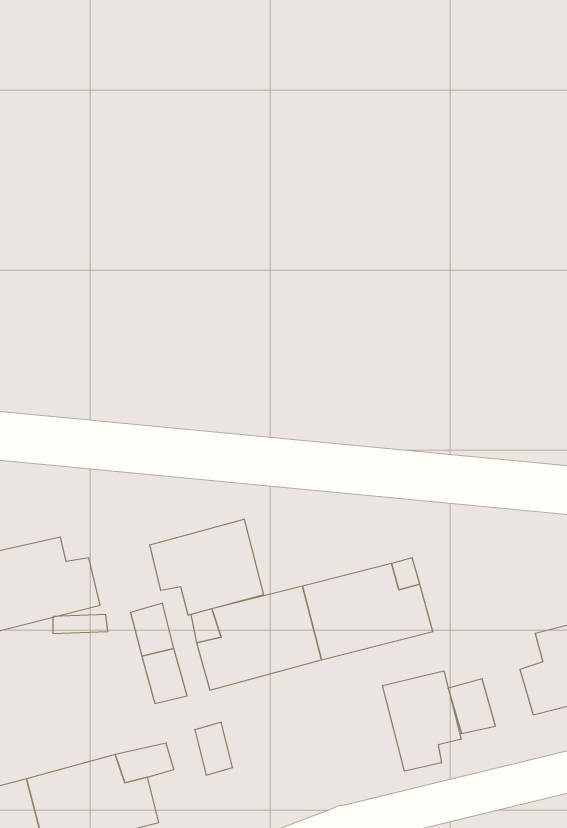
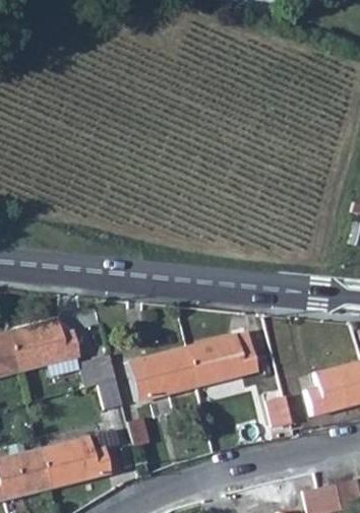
building: [150,519,264,615] -> none
building: [382,671,461,771] -> none

